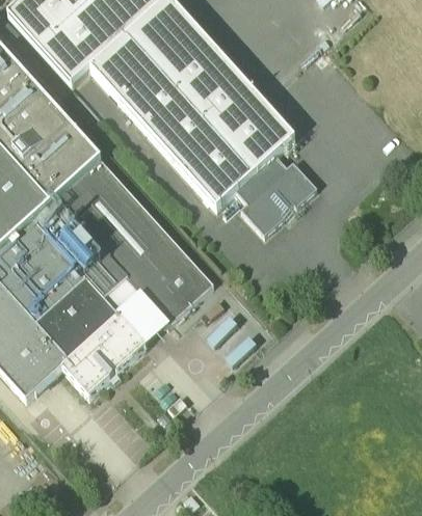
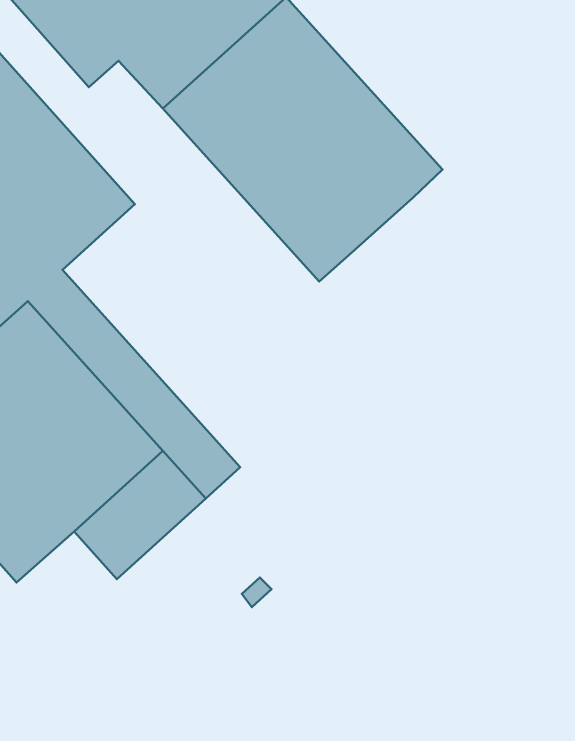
building: [236,154,317,234] -> none
building: [55,158,214,324] -> none

